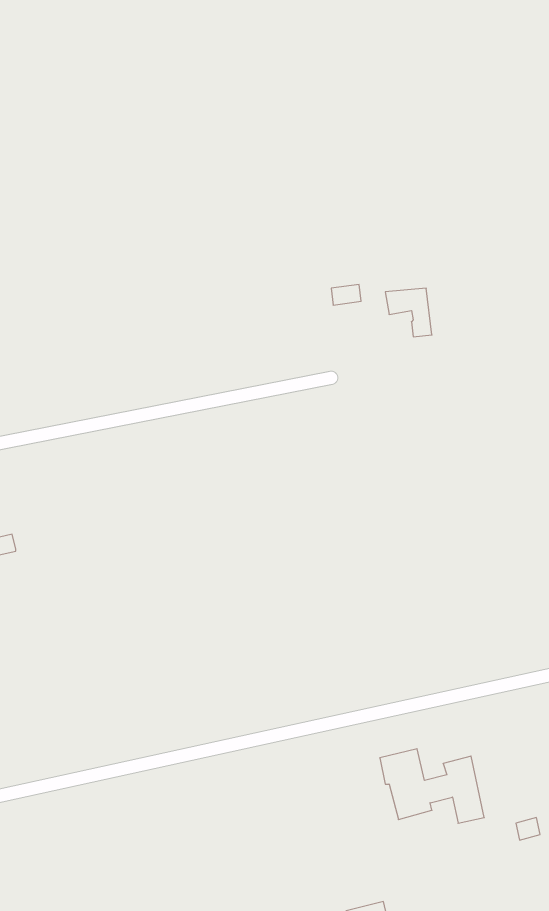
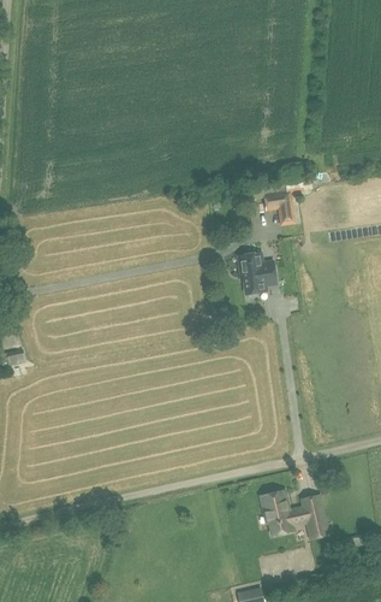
building: none -> [238,250,275,297]

